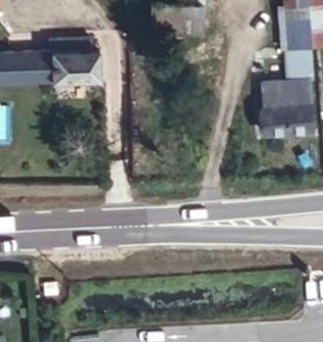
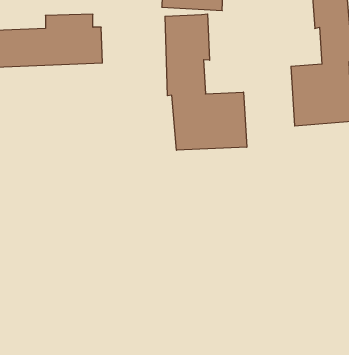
building: none -> [165,14,247,150]

